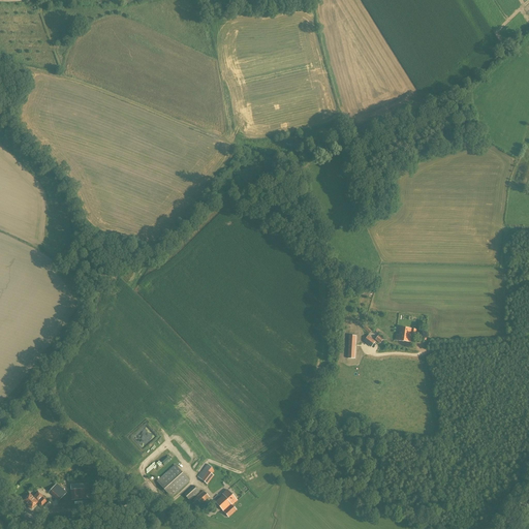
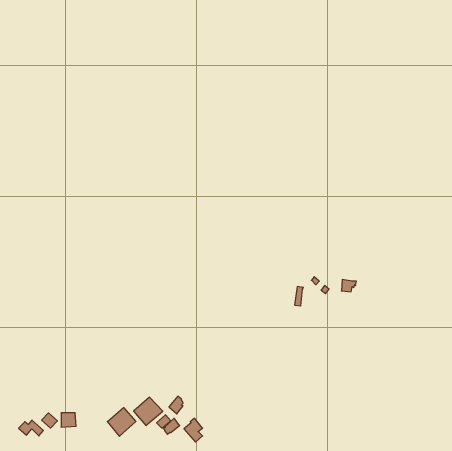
building: none -> [107,408,136,436]

